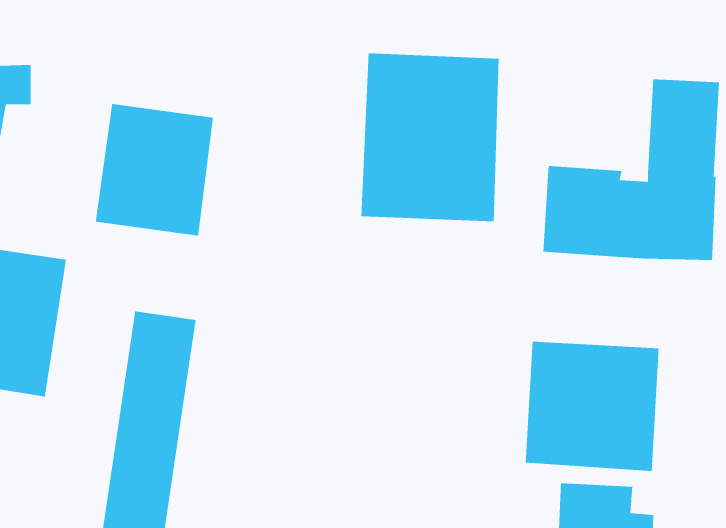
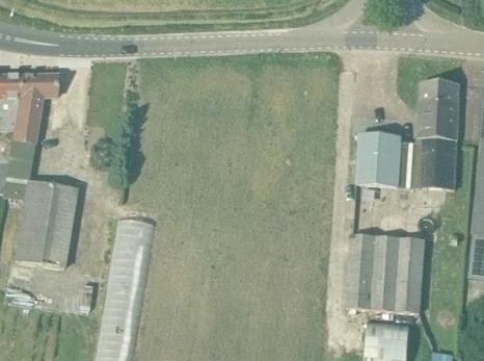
building: [361,53,500,222] -> none
building: [95,103,214,236] -> none

